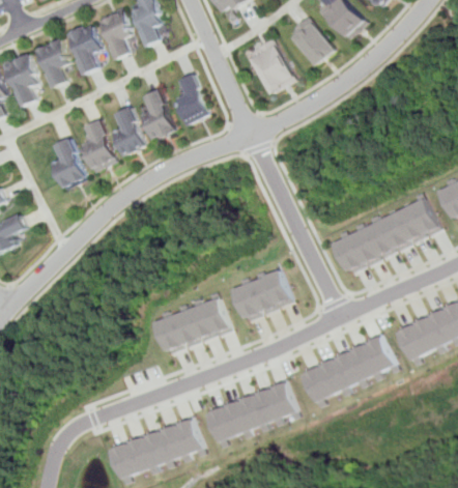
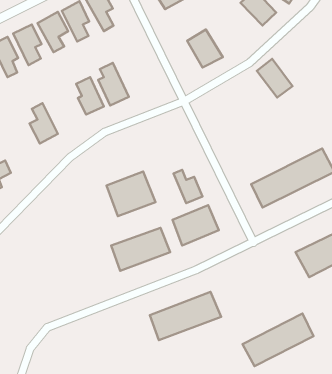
building: [290,18,336,67] -> [257,59,293,98]
building: [176,69,213,124] -> none
building: [81,121,118,173] -> none
building: none -> [174,170,203,203]
building: none -> [106,172,156,216]
building: [300,335,392,402] -> [242,314,314,366]
building: [110,418,201,479] -> none

